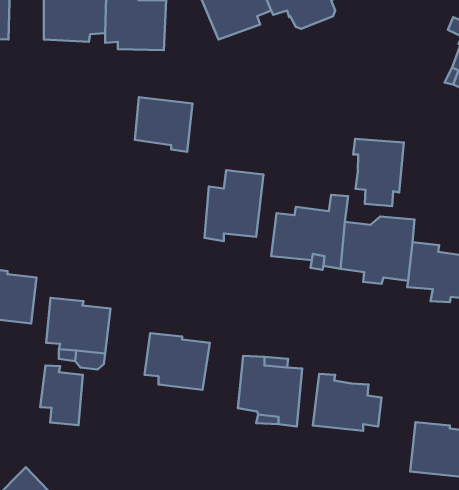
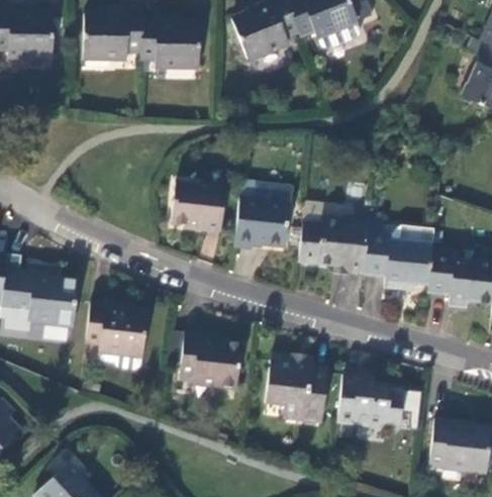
building: [135,97,193,152] -> [170,182,224,233]
building: [353,139,404,206] -> none
building: [40,365,83,425] -> none

